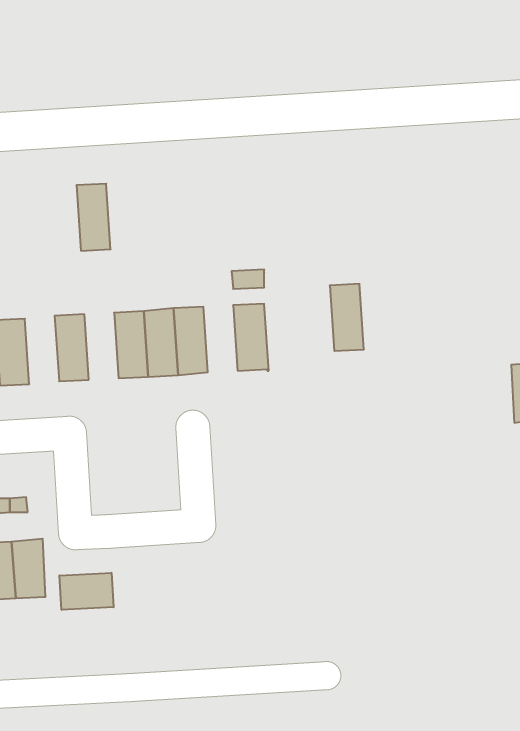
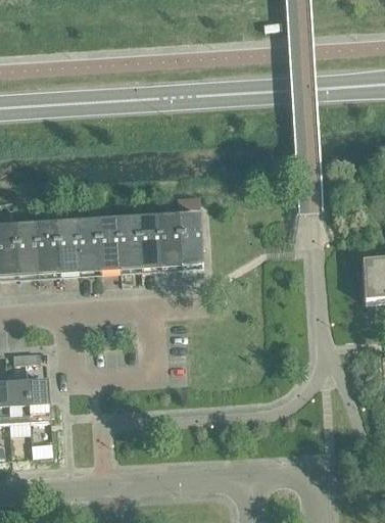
building: [76,184,111,251] -> [76,222,99,268]
building: [330,284,364,351] -> [157,217,181,263]
building: none -> [35,224,58,271]
building: [59,573,114,610] -> none

